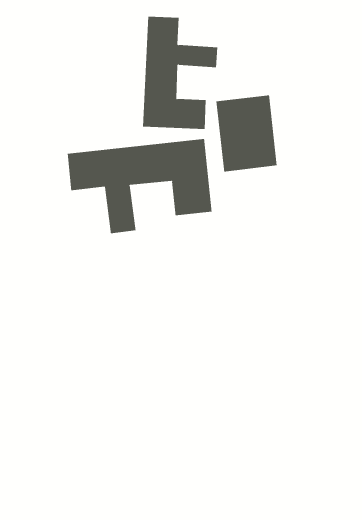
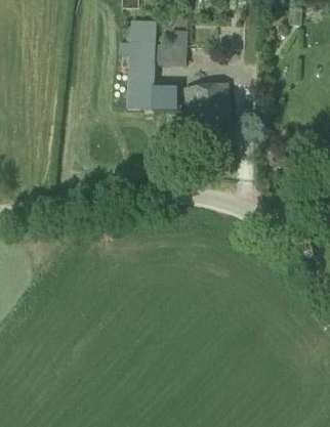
building: [67,138,212,234] -> none

